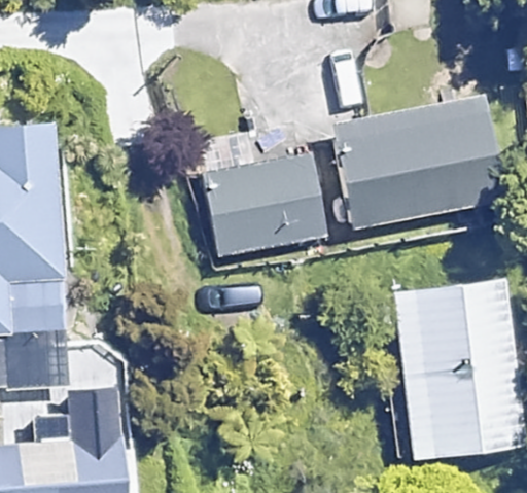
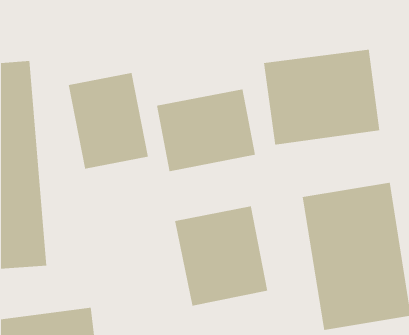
building: none -> [68,72,148,170]
building: none -> [174,206,268,306]

